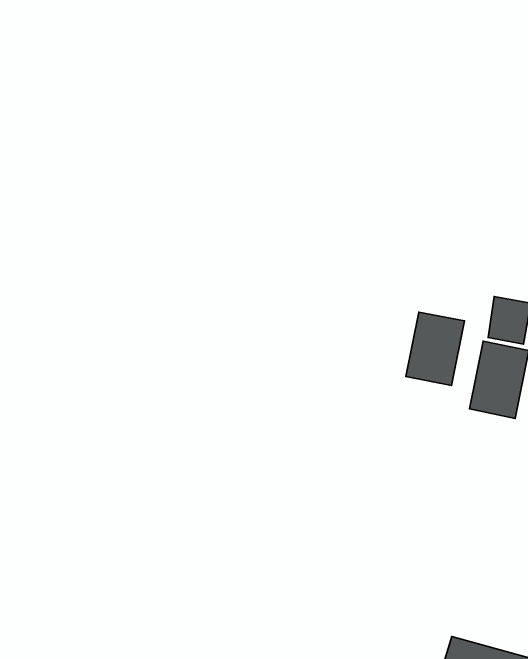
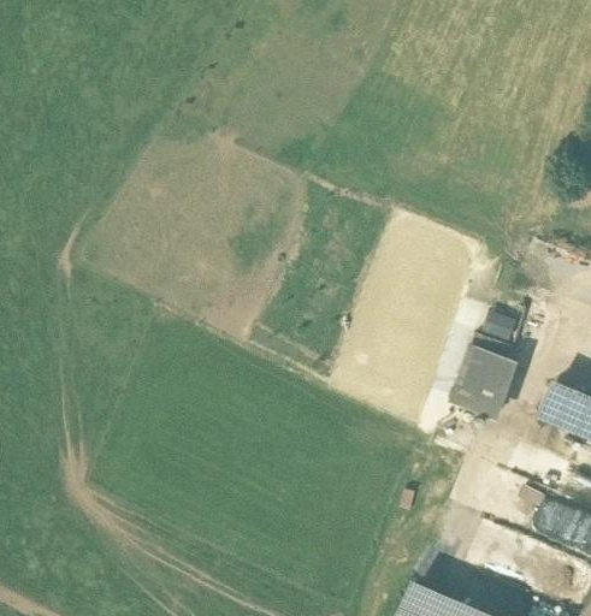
building: [406,312,464,385] -> none

